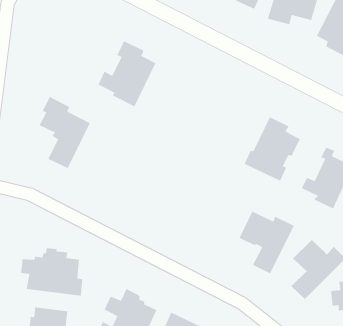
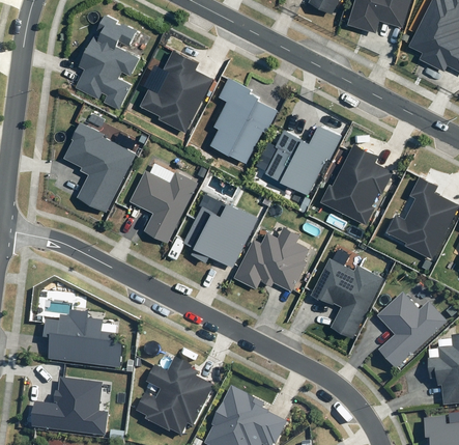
building: none -> [75,15,139,109]
building: none -> [216,77,277,161]
building: none -> [262,124,341,195]
building: none -> [128,164,196,239]
building: none -> [185,205,253,265]
building: none -> [234,222,306,289]

